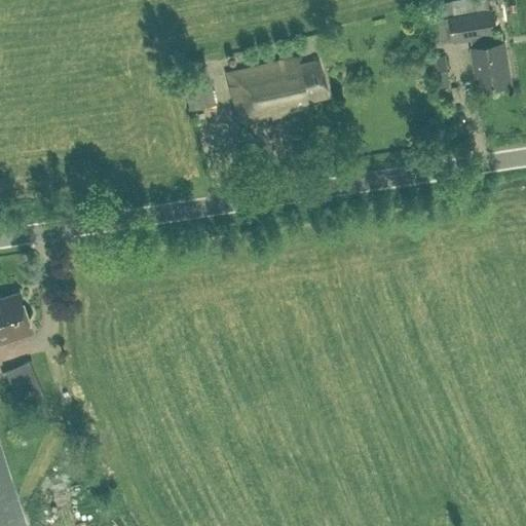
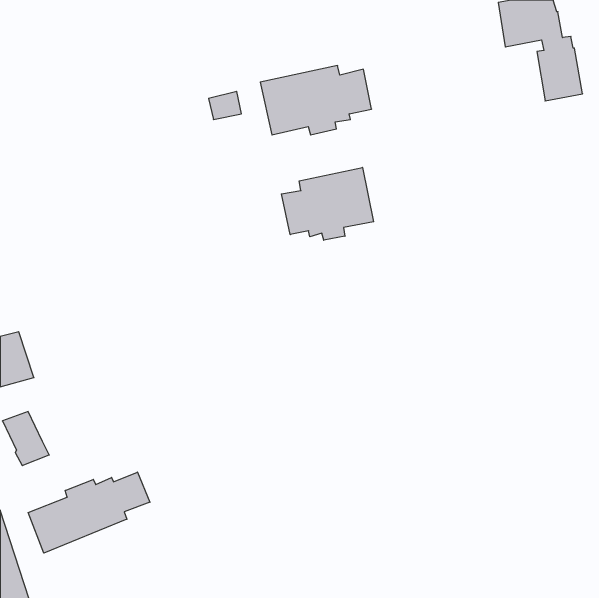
building: none -> [281,167,374,240]
building: none -> [28,472,150,553]

